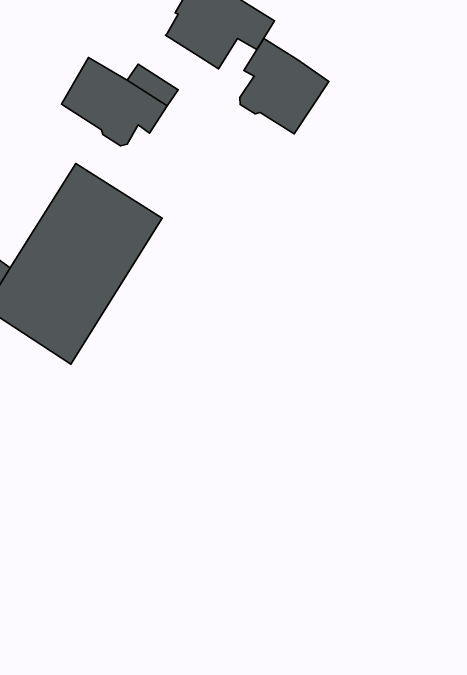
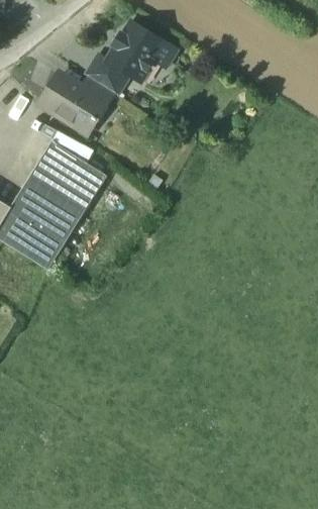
building: none -> [88,53,131,93]
building: [240,38,329,134] -> none

